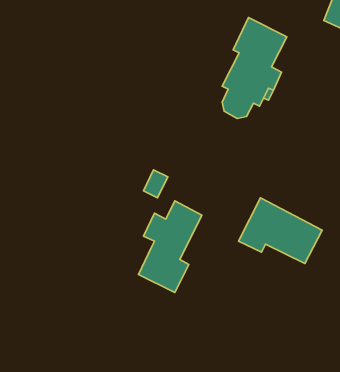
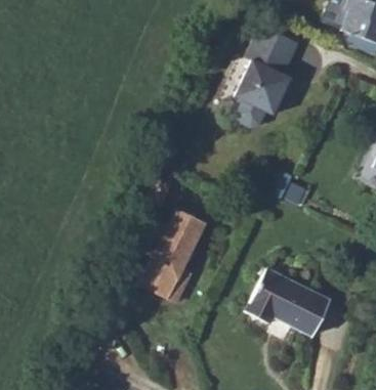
building: [238,198,322,263] -> [247,269,332,336]

